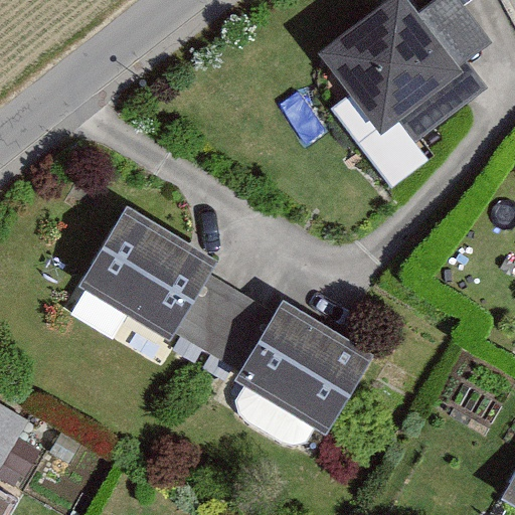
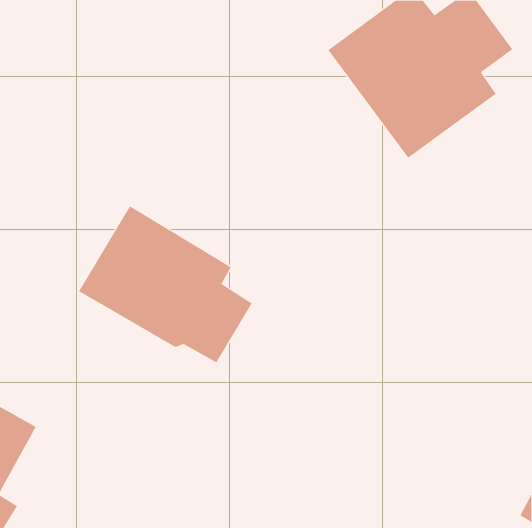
building: [209,298,371,434] -> none

